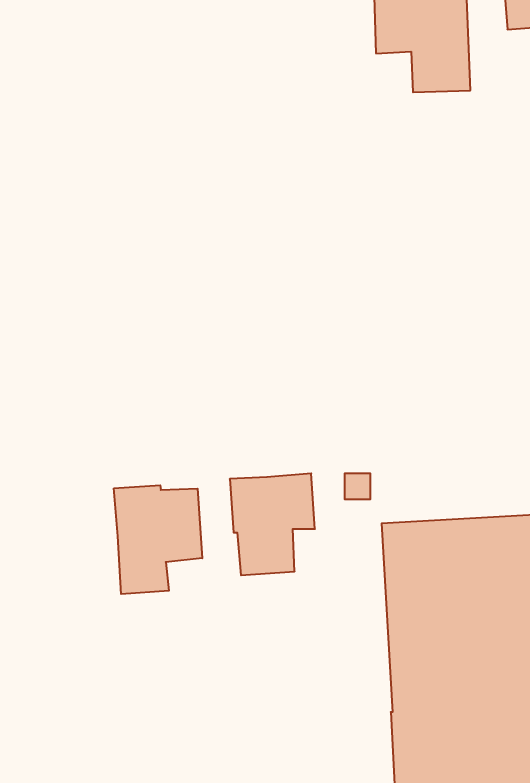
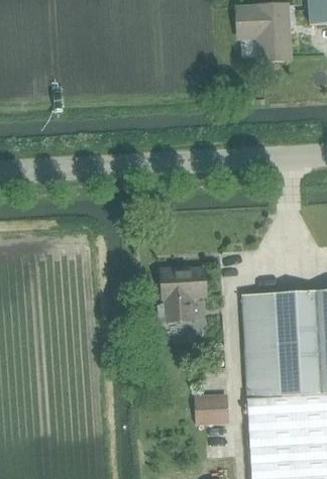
building: [114,485,202,594] -> none
building: none -> [195,400,228,424]

